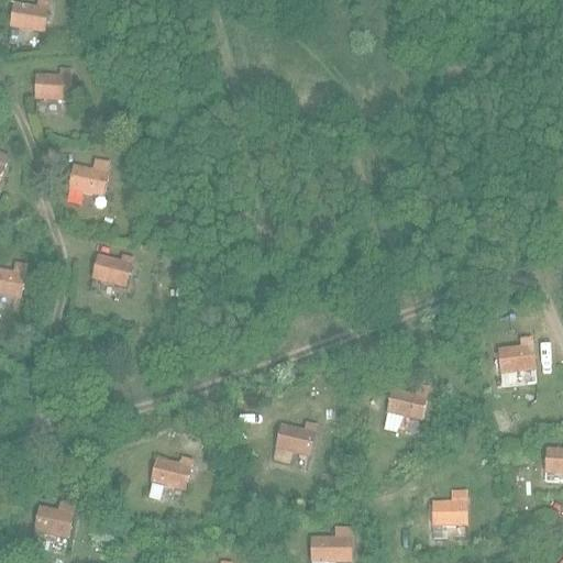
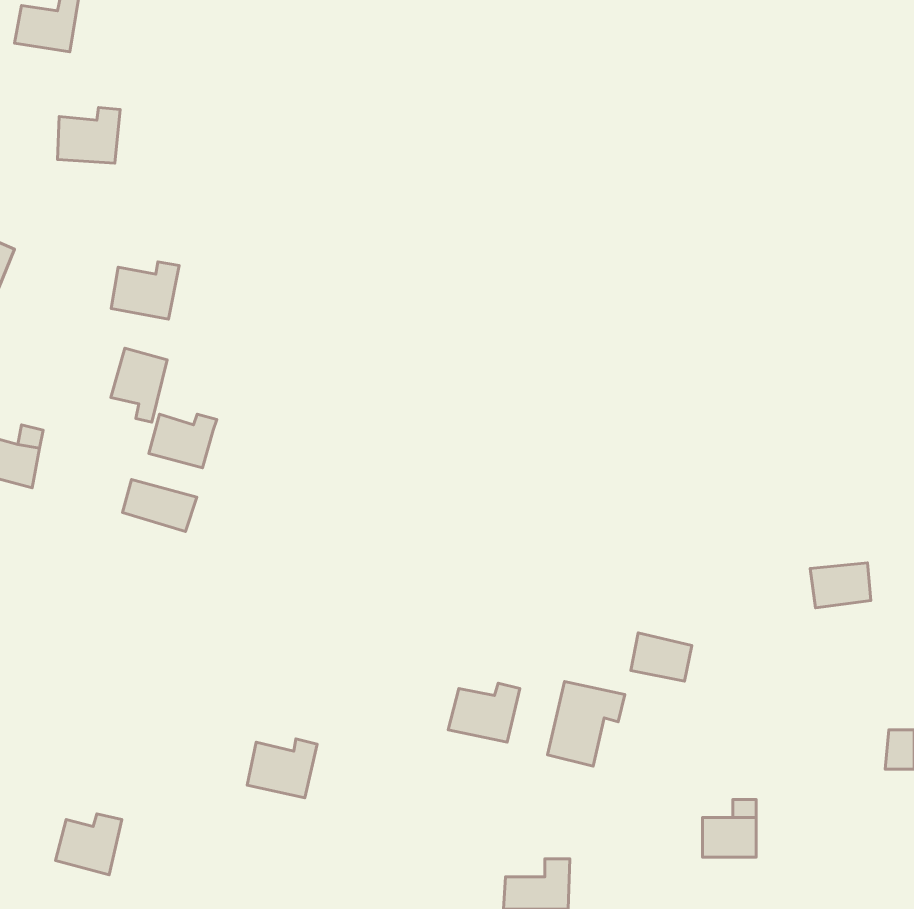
building: none -> [111,348,167,422]
building: none -> [123,479,197,531]
building: none -> [547,681,625,766]

